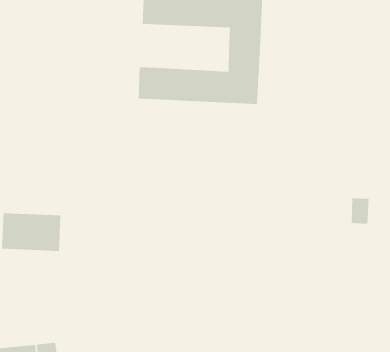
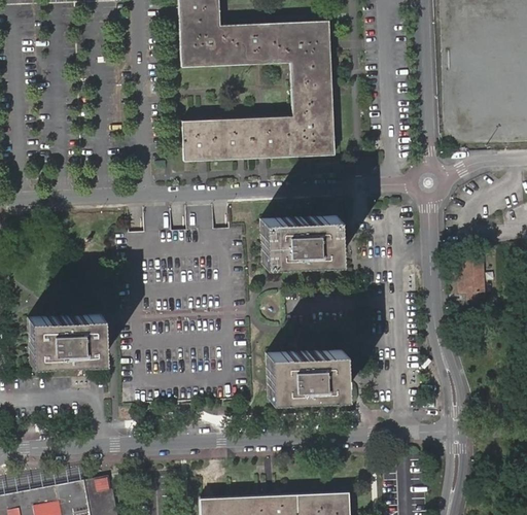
building: none -> [261,215,339,265]
building: none -> [268,351,345,399]

